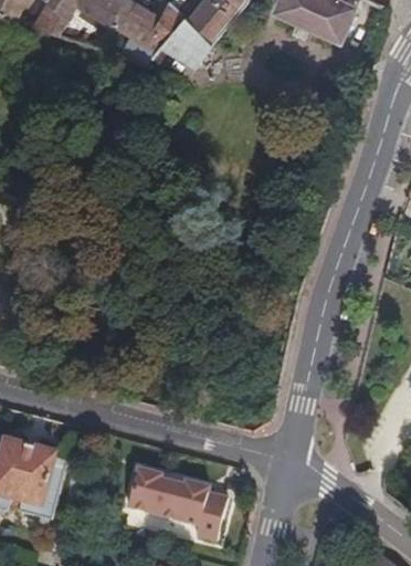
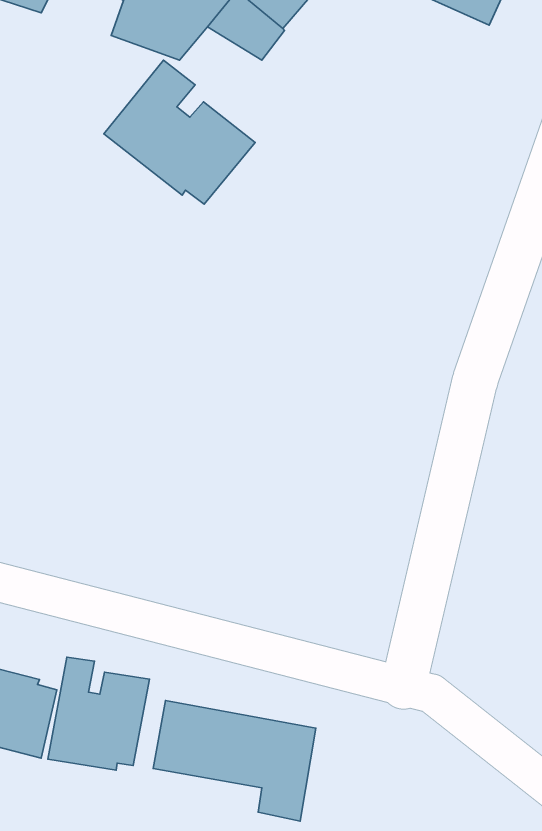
building: none -> [104,60,255,204]
building: none -> [48,657,150,770]

